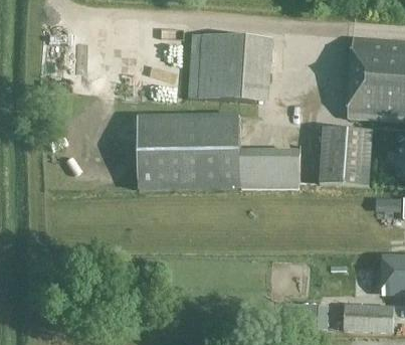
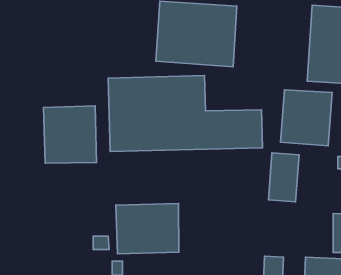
building: none -> [44,106,96,163]
building: none -> [269,153,299,202]
building: none -> [116,204,179,254]

